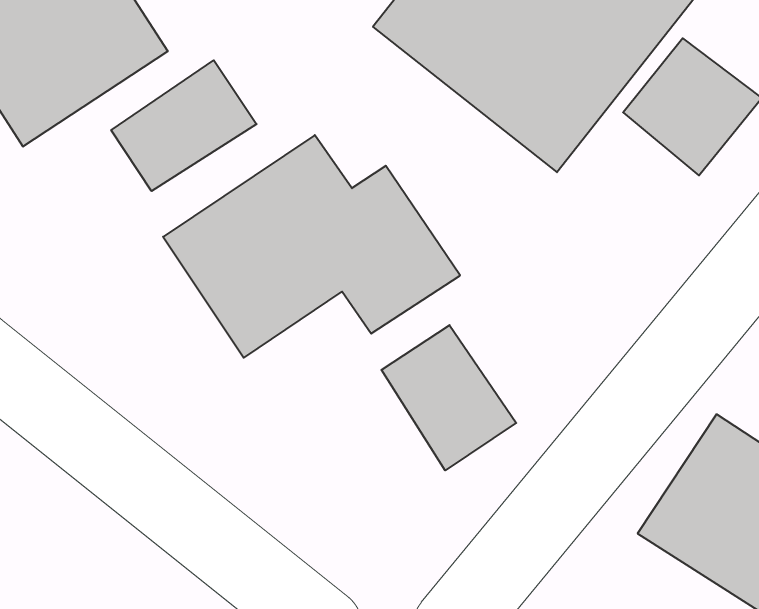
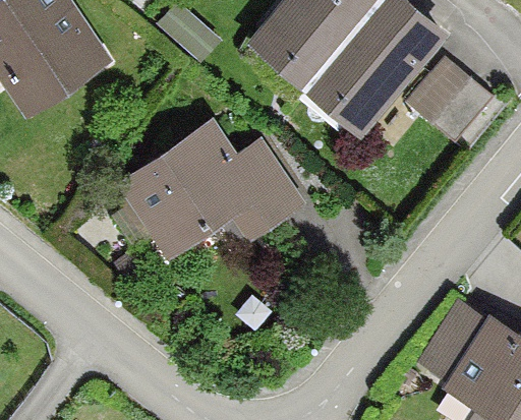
building: [111,60,257,191] -> none
building: [381,325,516,470] -> none

